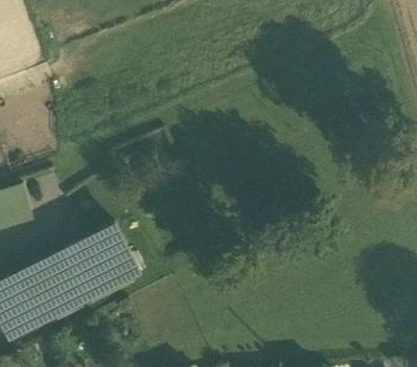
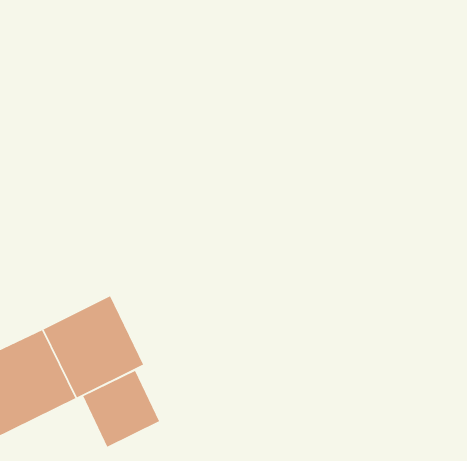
building: none -> [82,370,160,448]

